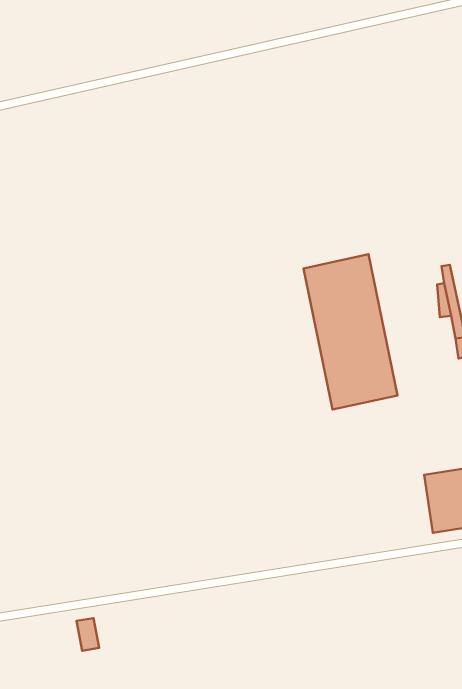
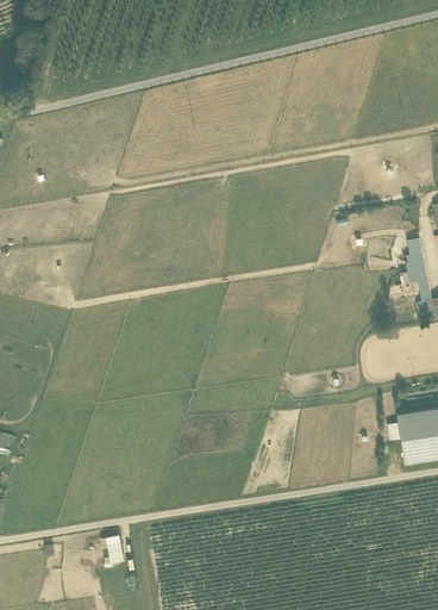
building: [303,254,398,410] -> none

